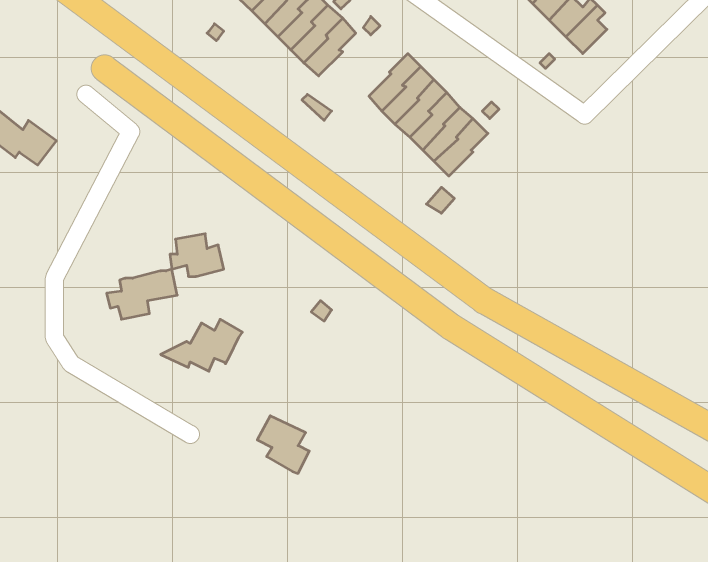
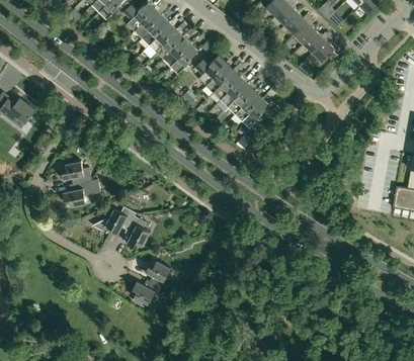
building: none -> [196,55,226,85]
building: [170,234,224,276] -> [62,161,91,184]
building: none -> [125,216,149,247]
building: none -> [132,279,163,305]

